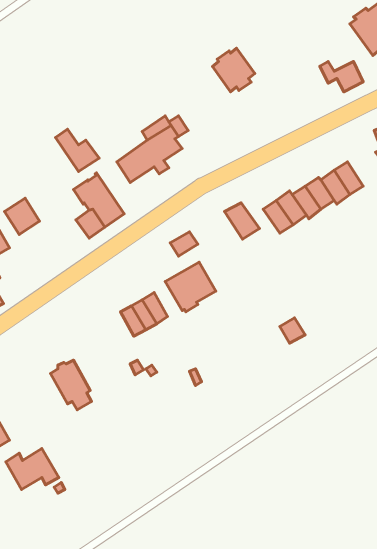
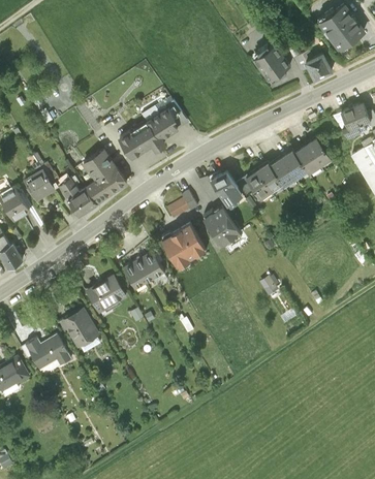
building: [212,48,255,92] -> [253,44,289,82]
building: [56,129,99,172] -> [59,180,96,216]
building: none -> [202,210,238,245]
building: none -> [87,277,124,312]
building: [6,448,59,490] -> [25,333,70,369]

